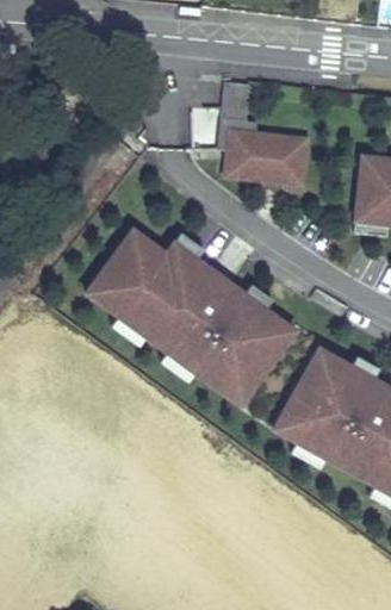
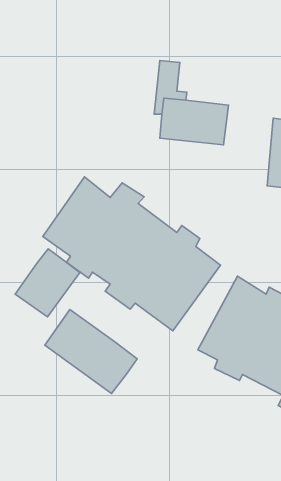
building: none -> [15,249,80,317]
building: none -> [45,310,137,394]

